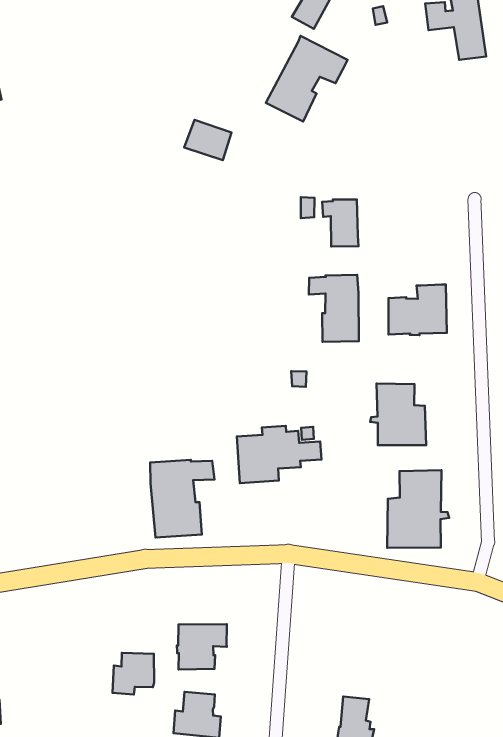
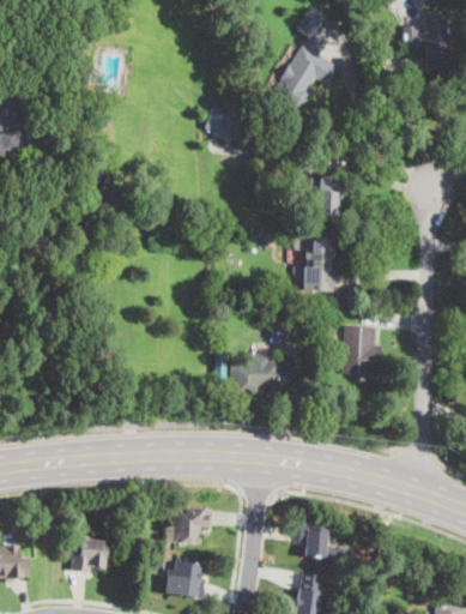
building: [388,284,447,335] -> none
building: [150,460,214,538] -> none
building: [387,470,449,548] -> none
building: none -> [299,523,350,559]
building: [113,653,154,694] -> [72,538,107,572]

